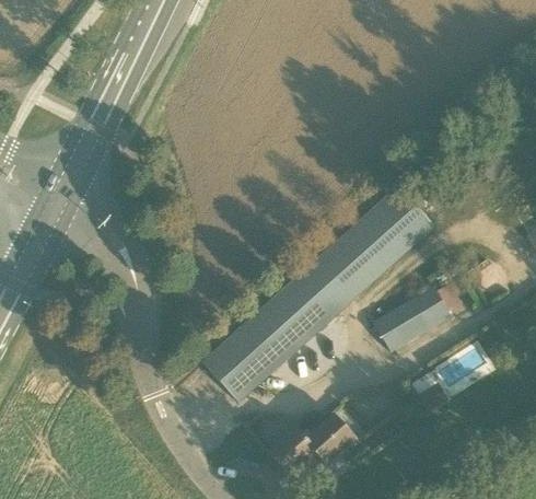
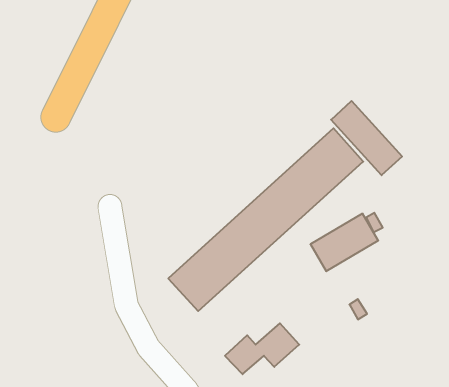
building: none -> [331,101,402,175]

